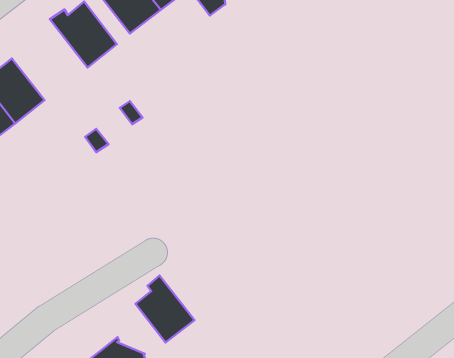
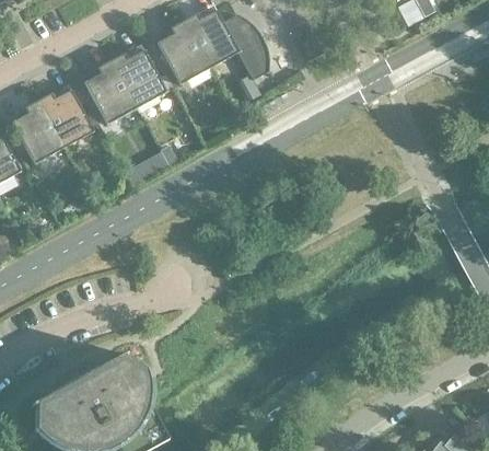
building: none -> [83,59,136,123]
building: [135,276,195,343] -> none

